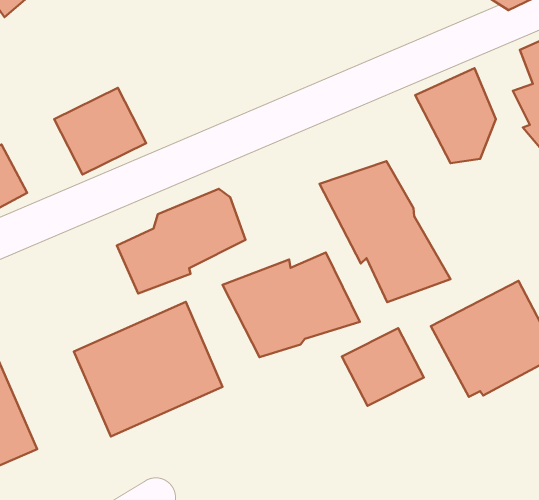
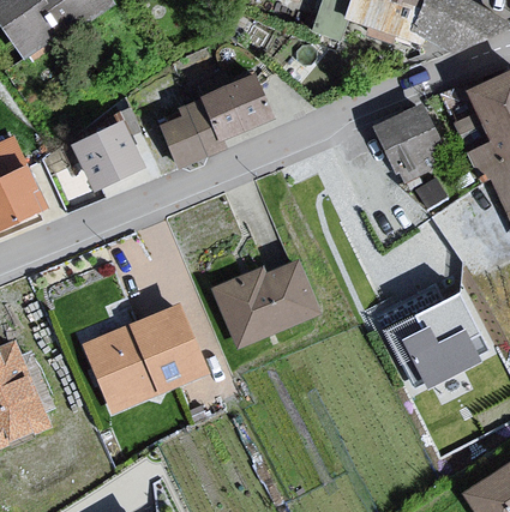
building: [319,161,450,302] -> none
building: [117,189,246,294] -> [158,72,268,161]
building: [342,328,424,406] -> none

